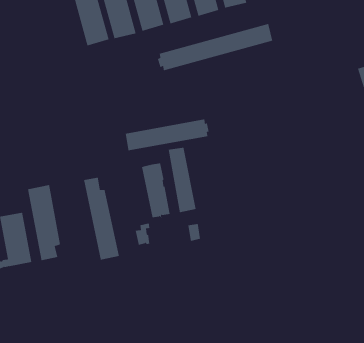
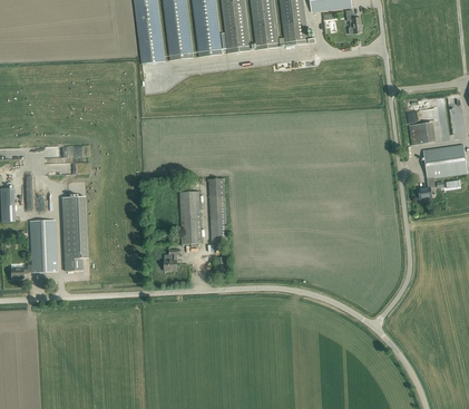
building: [157,23,273,71] -> none
building: [125,119,209,151] -> none
building: [83,177,120,261] -> none

